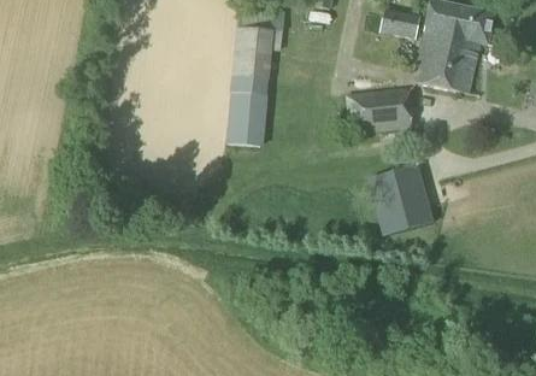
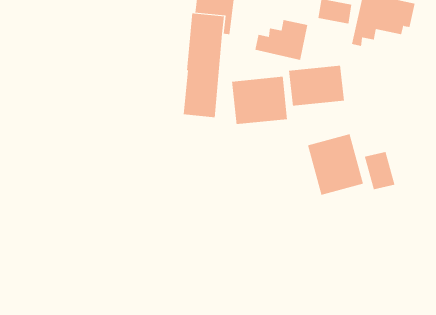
building: [414,46,476,93] -> [255,20,308,60]
building: none -> [232,76,288,125]
building: none -> [364,151,395,190]

